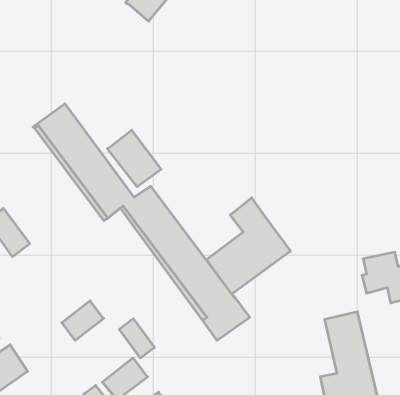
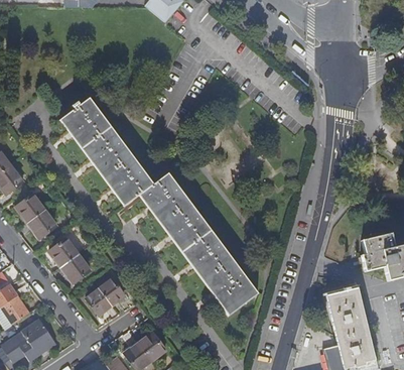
building: [107,130,161,187] -> none
building: [206,198,290,294] -> none
building: none -> [50,238,91,282]
building: [119,319,154,358] -> none

